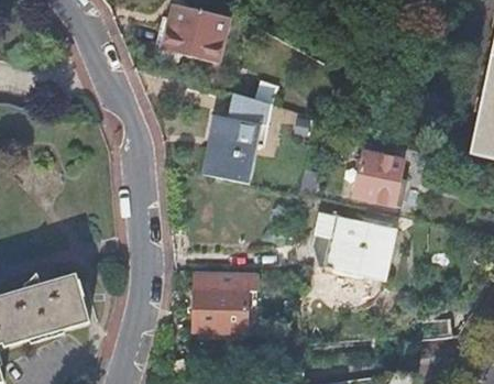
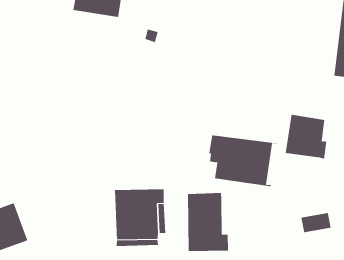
building: [207,92,273,182] -> none
building: [352,150,404,207] -> [285,114,327,159]
building: none -> [188,192,229,252]

